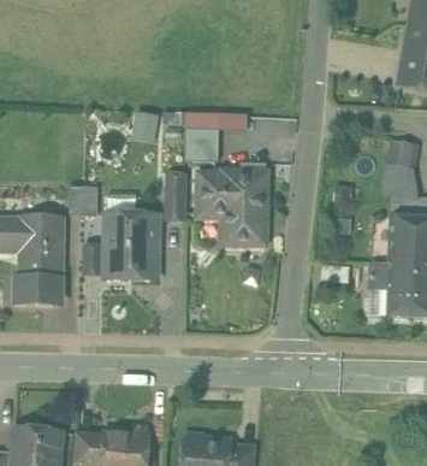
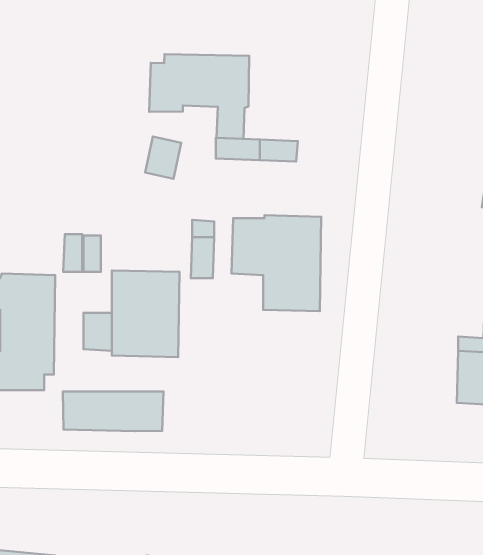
building: none -> [149,54,249,139]
building: [184,126,219,159] -> none
building: none -> [63,392,164,431]

